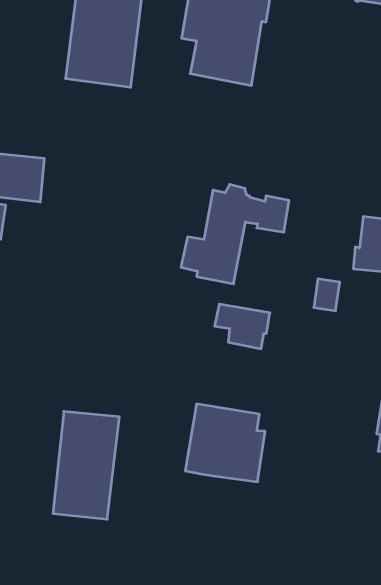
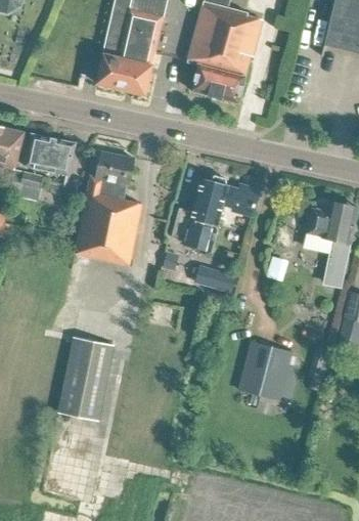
building: none -> [75,150,141,264]
building: [185,404,265,482] -> [237,340,301,403]

